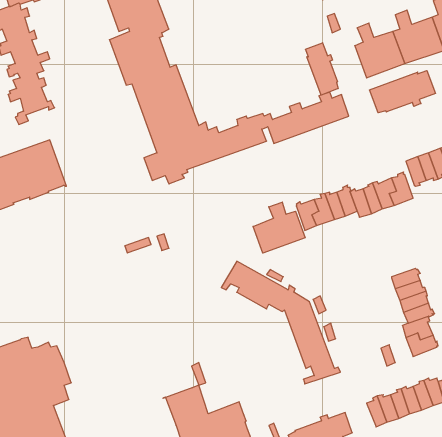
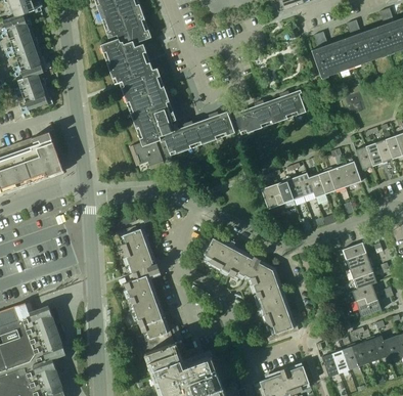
building: [306,43,338,95] -> none
building: [369,71,436,113] -> none
building: [253,202,305,253] -> none
building: none -> [118,225,172,353]

